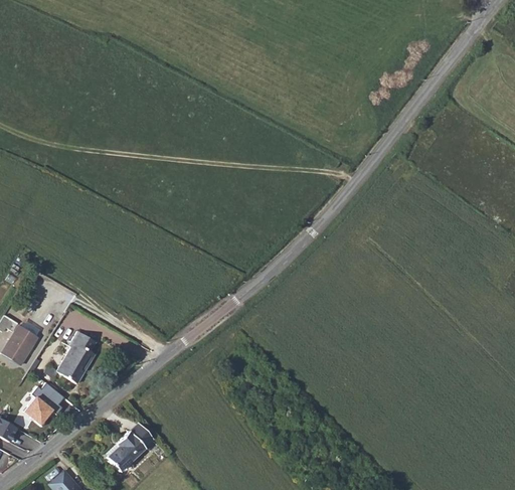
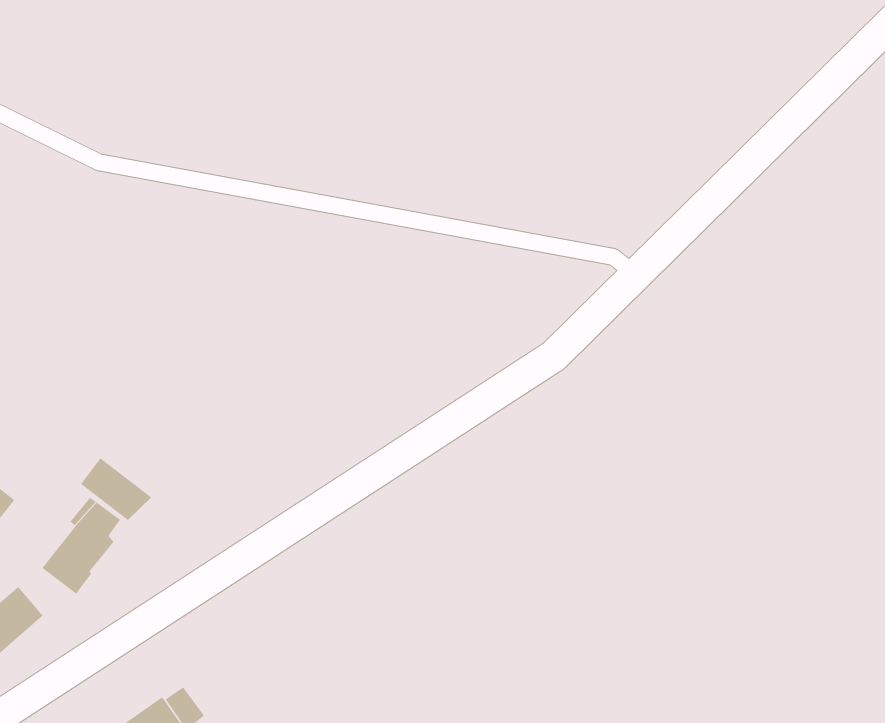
building: none -> [80,457,152,521]

